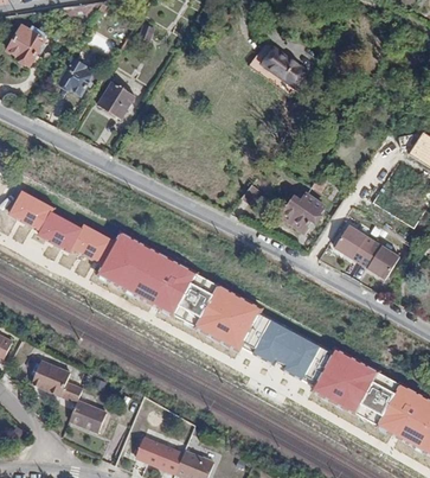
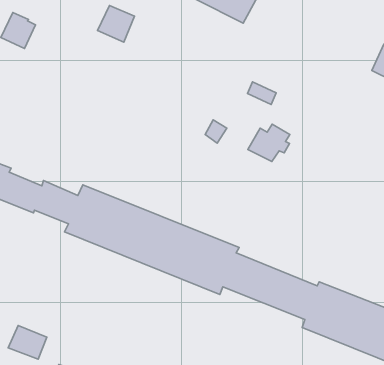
building: [97,82,134,119] -> [98,5,134,42]
building: [333,223,400,279] -> none

